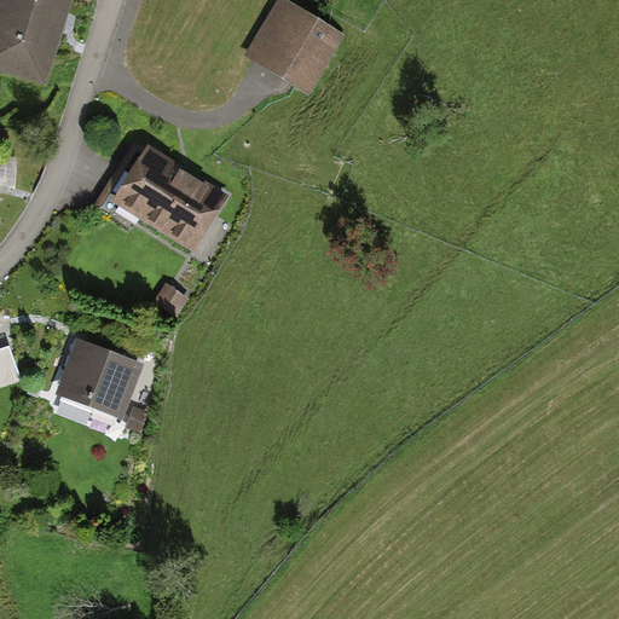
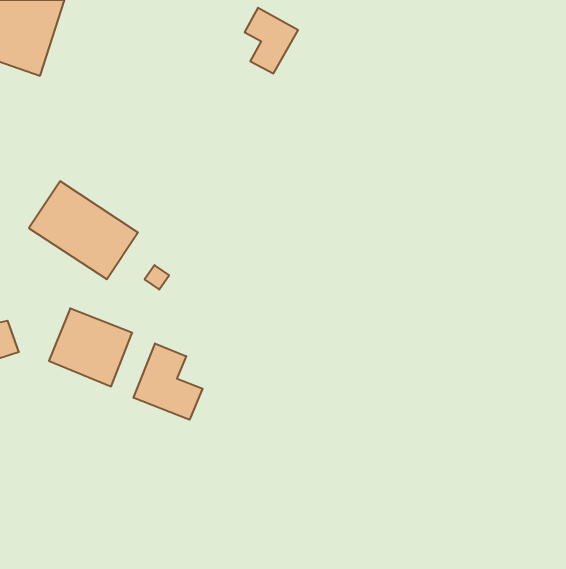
building: [109,147,227,254] -> [29,181,138,279]
building: none -> [134,343,203,420]

